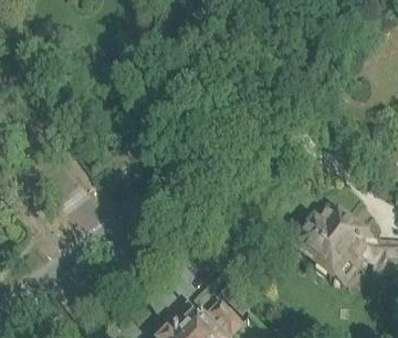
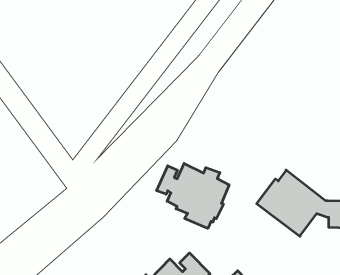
building: none -> [157,163,229,228]

